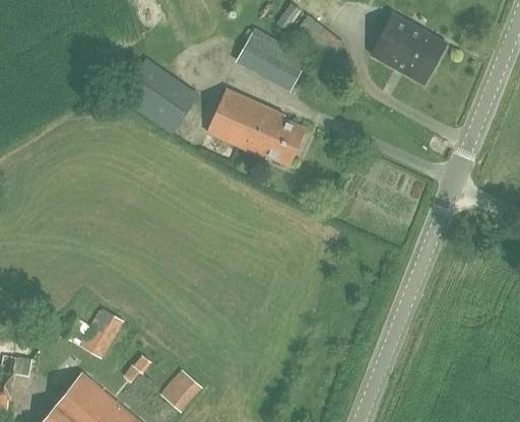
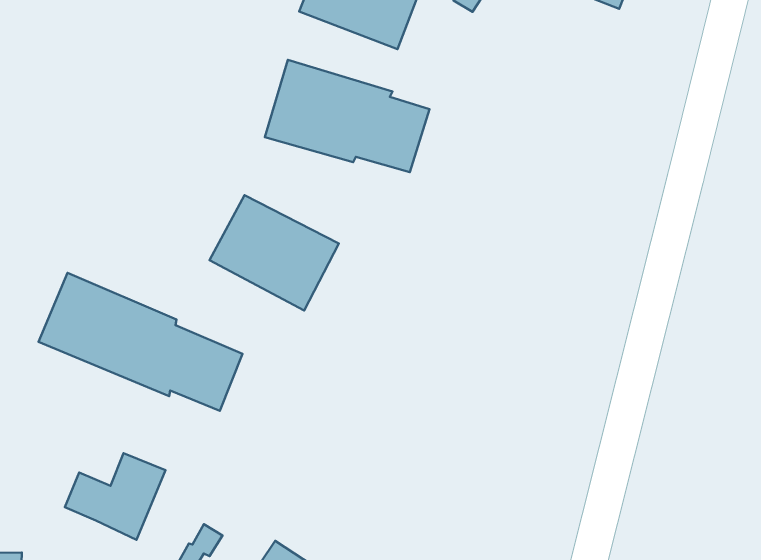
building: [120,61,197,133] -> [209,195,339,310]
building: none -> [39,273,243,411]

